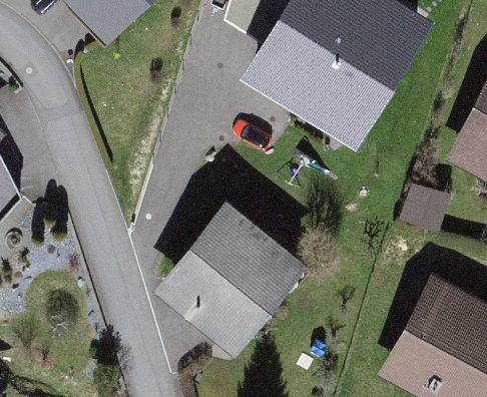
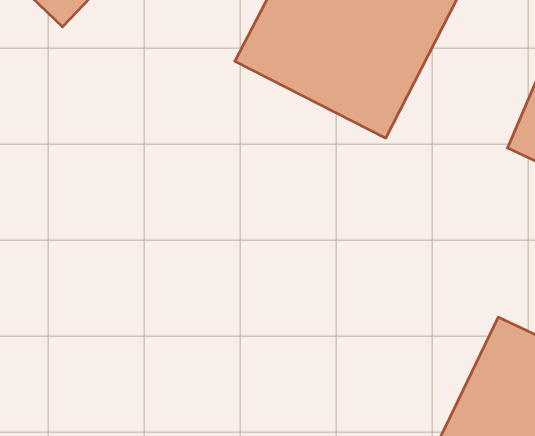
building: [154,208,304,356] -> none

